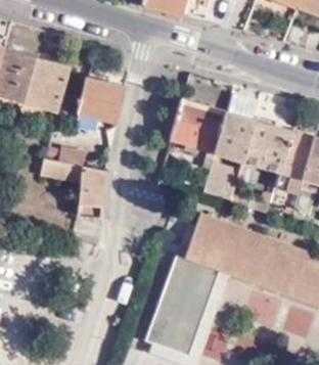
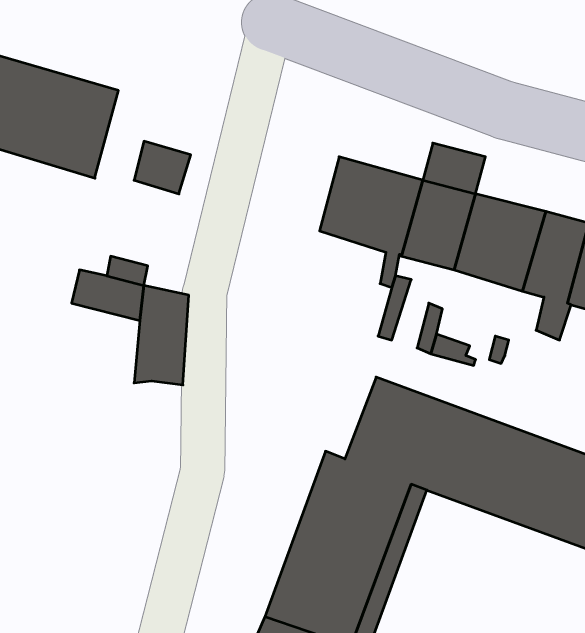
building: [81,75,124,123] -> none

